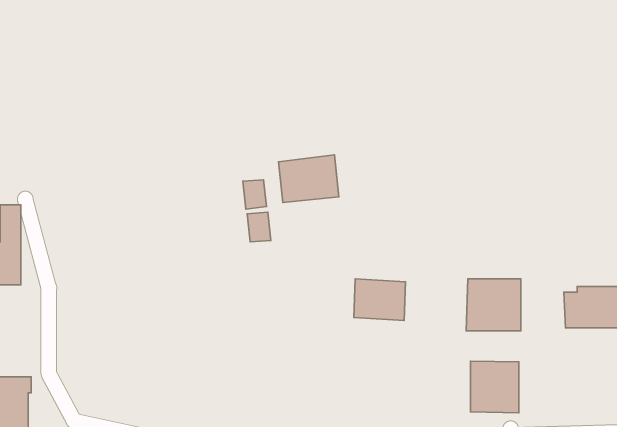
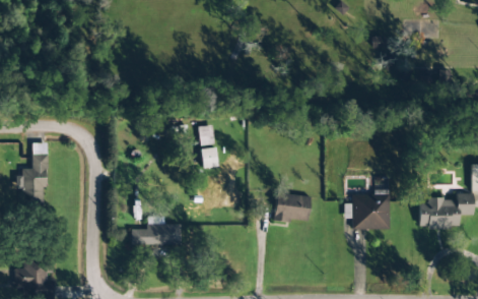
building: [279,155,339,203] -> none
building: none -> [130,216,181,245]
building: [471,361,519,413] -> none

